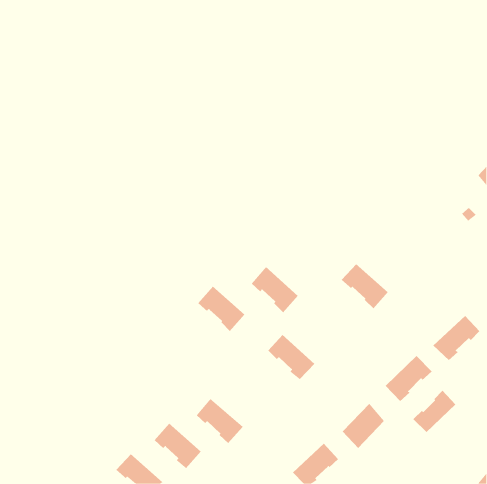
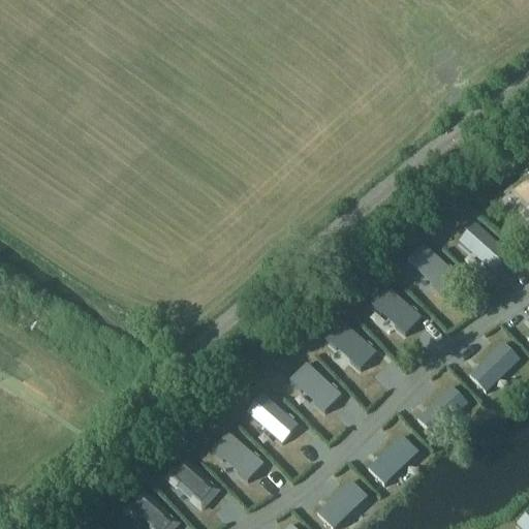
building: none -> [458,221,510,272]
building: none -> [406,243,458,293]
building: [251,266,298,313] -> [324,319,376,370]
building: [197,286,245,332] -> [246,393,298,442]
building: [413,390,456,433] -> none

